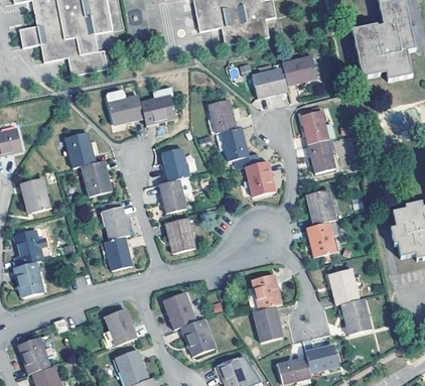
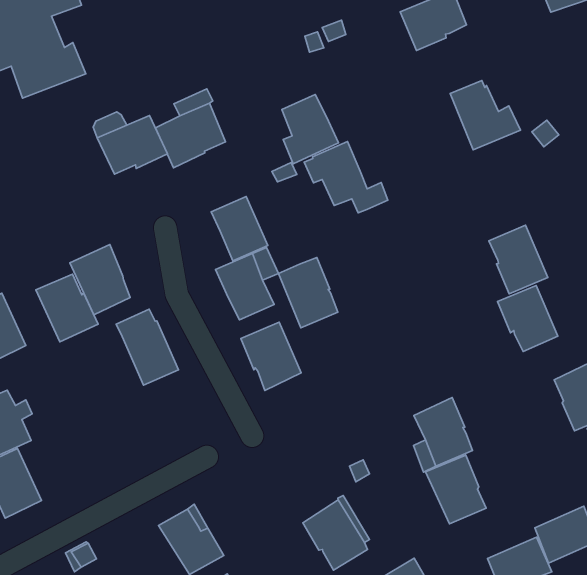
building: [252,68,287,98] -> none
building: [65,132,96,167] -> [36,274,98,342]
building: [307,138,335,172] -> none
building: [246,160,274,197] -> [278,258,338,328]
building: [105,236,132,270] -> none
building: [165,291,195,329] -> none

